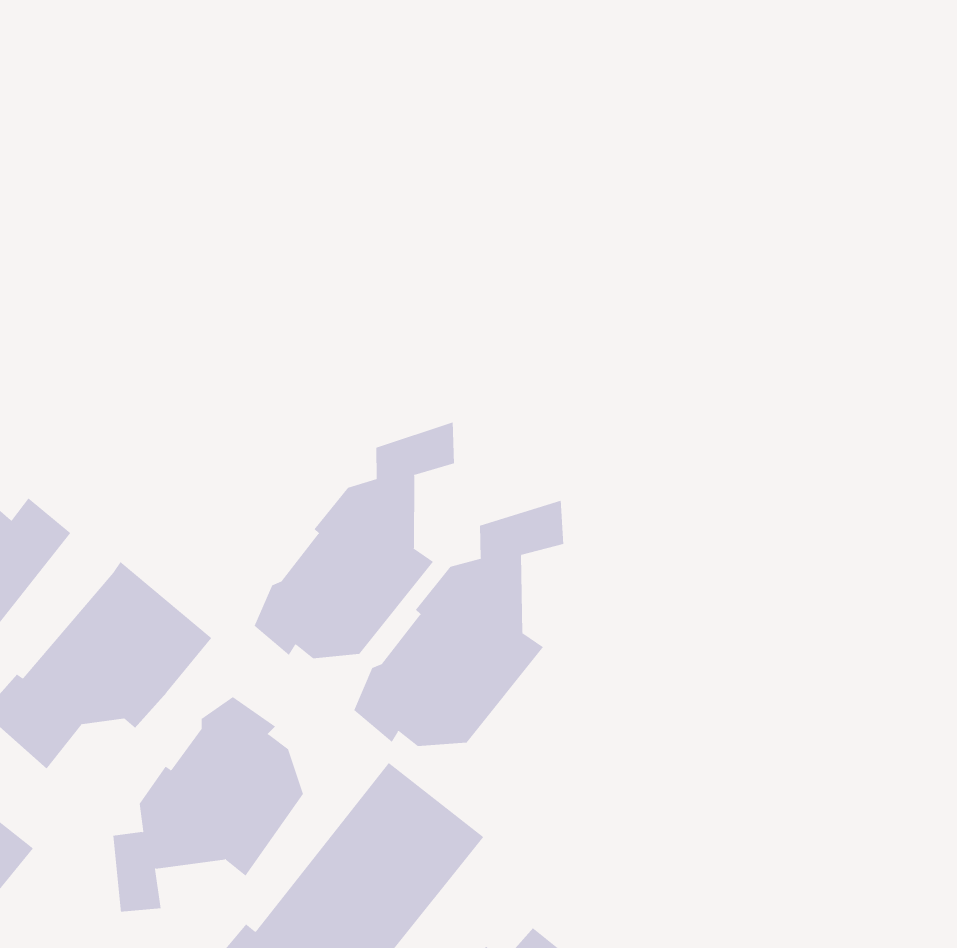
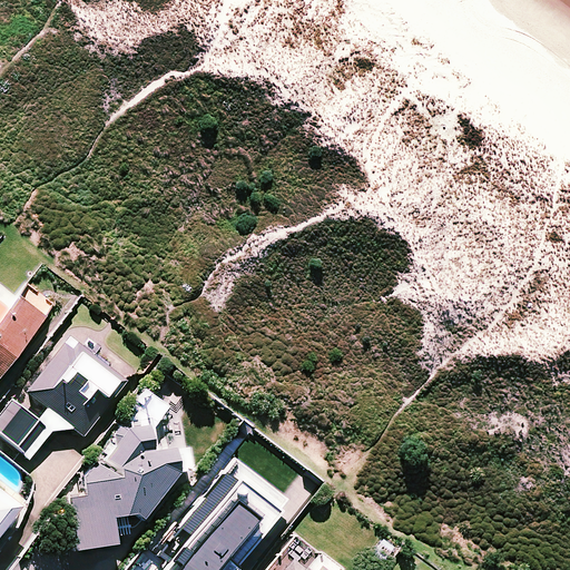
building: [254,421,455,659] -> none
building: [353,500,564,747] -> none

